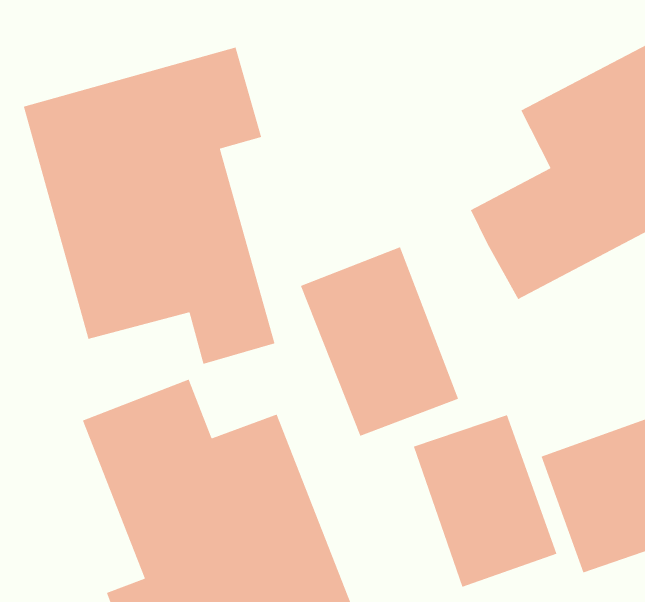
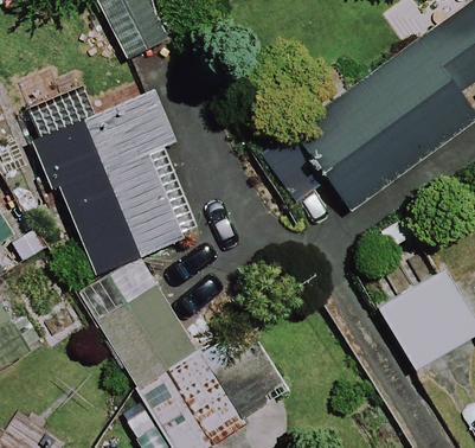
building: [300,246,459,437] -> none
building: [413,414,558,588] -> none

